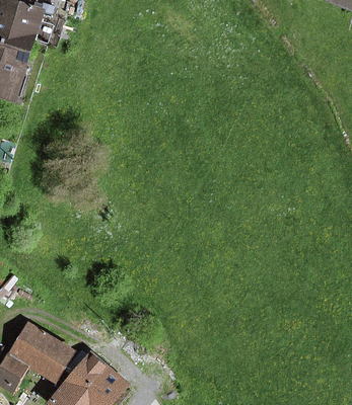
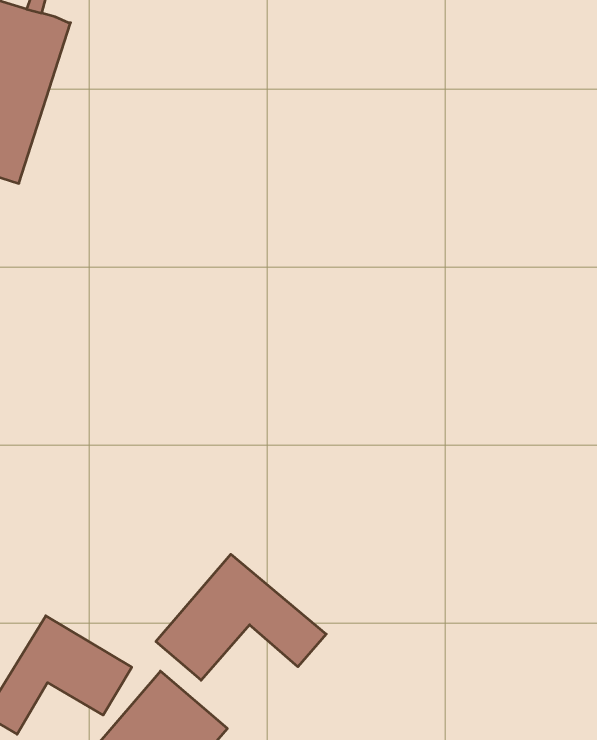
building: none -> [156,554,326,680]

